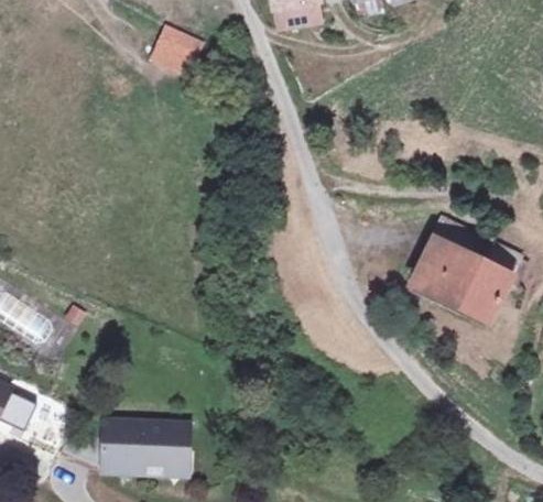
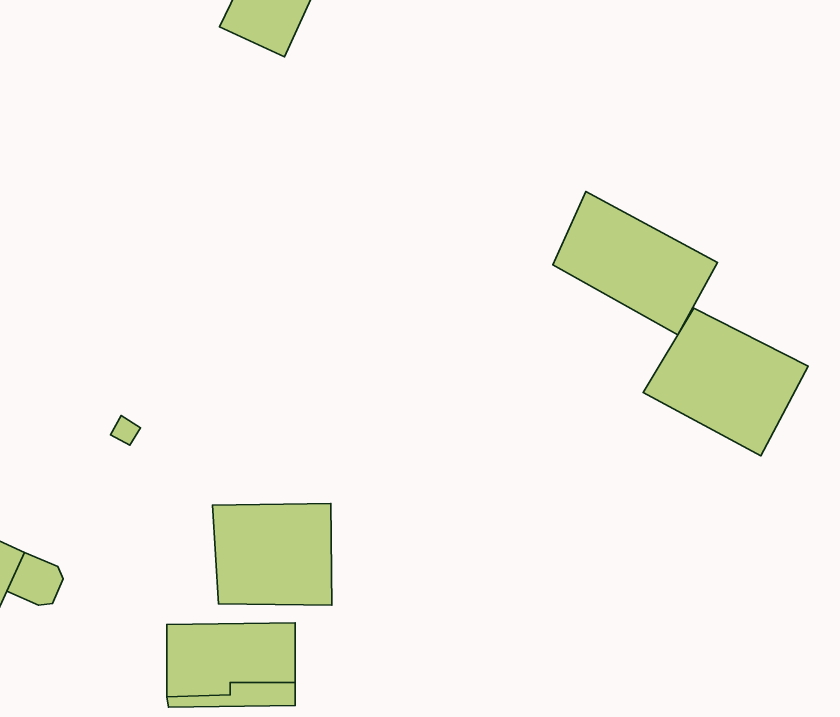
building: none -> [553,192,718,335]
building: none -> [213,503,332,605]

